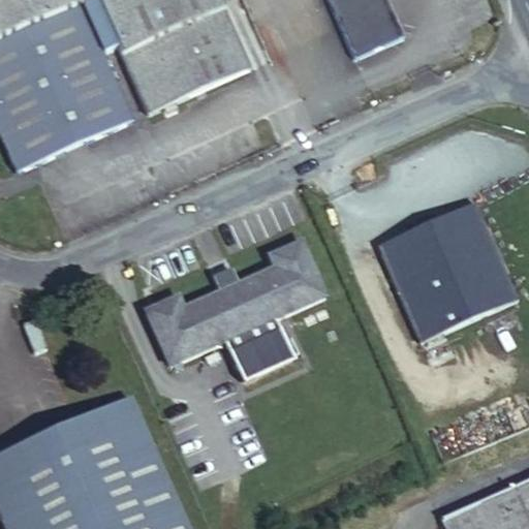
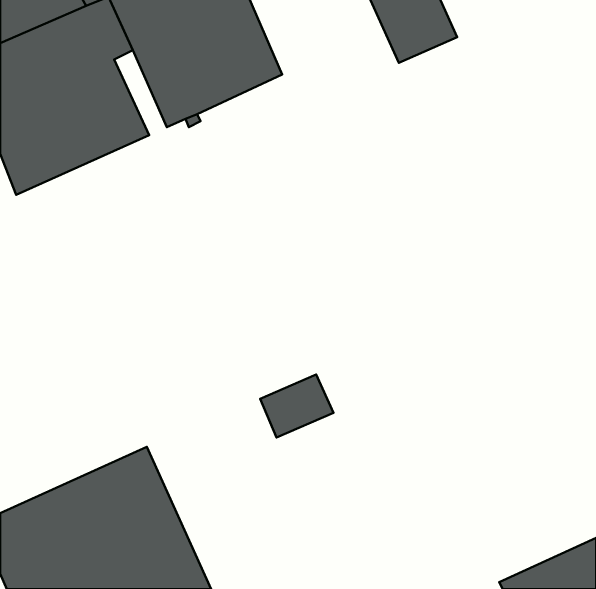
building: [377,203,518,342] -> none
building: [146,242,324,364] -> none

